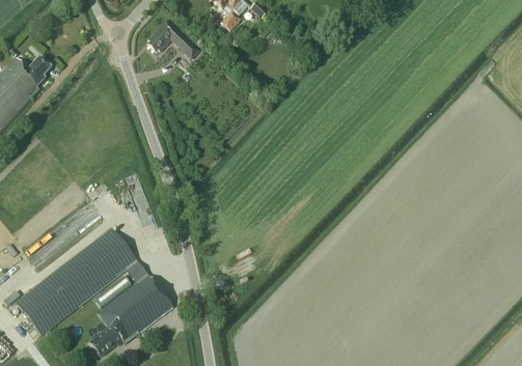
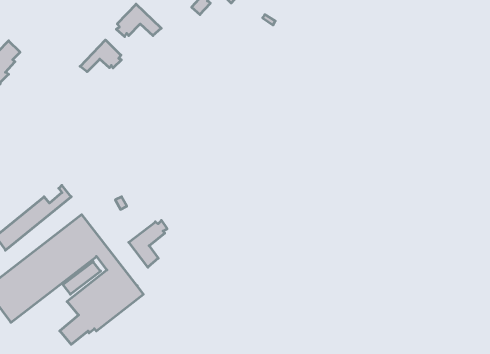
building: none -> [80,40,121,72]
building: none -> [129,220,167,267]

